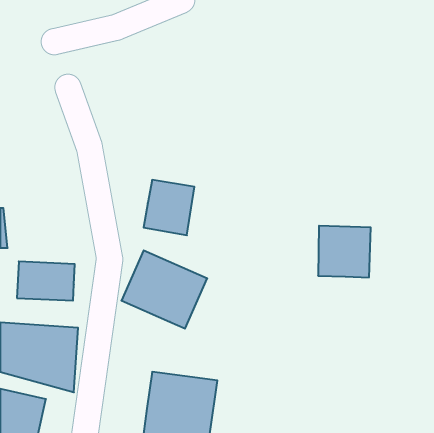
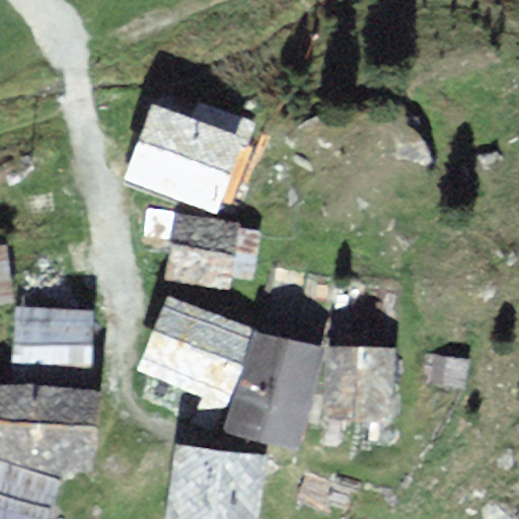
building: none -> [131,106,238,204]
building: [318,226,371,277] -> [329,350,392,412]
building: none -> [234,333,317,440]

